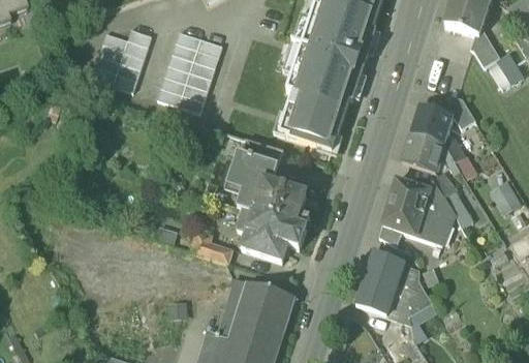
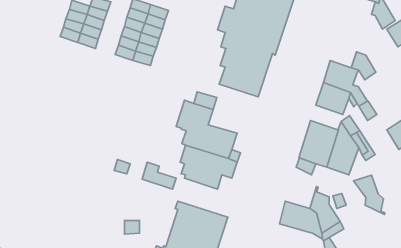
building: none -> [354,175,385,215]
building: [365,250,403,286] -> none

